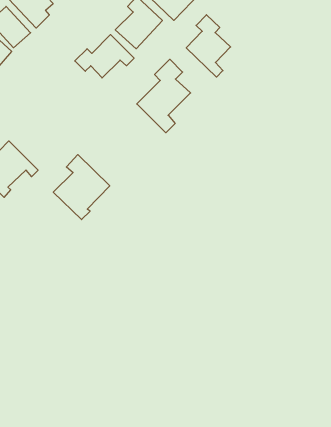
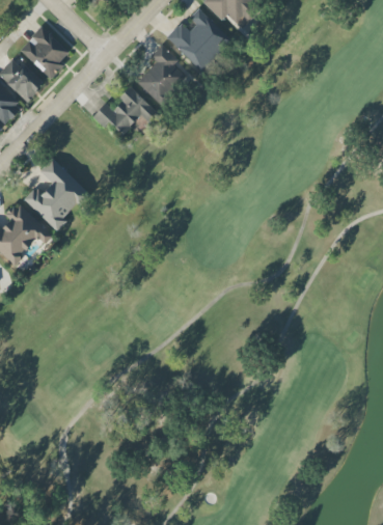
building: [186,15,231,77] -> none
building: [137,59,191,133] -> none
building: [53,155,110,220] -> [25,159,87,230]

